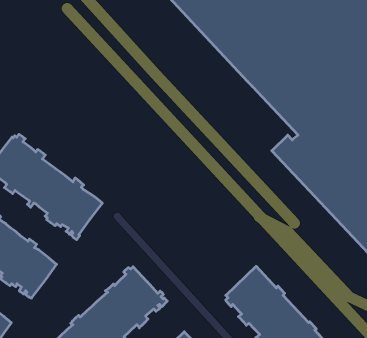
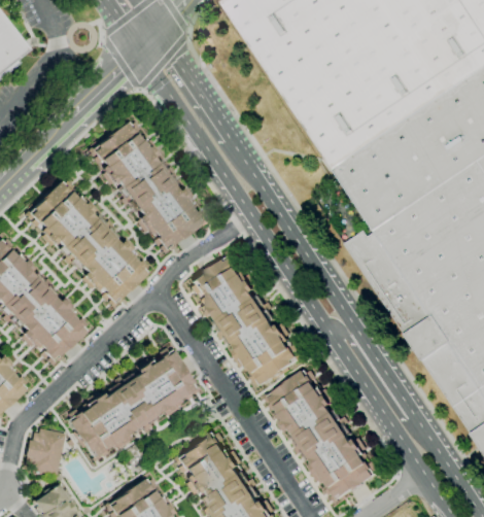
building: none -> [88,124,202,252]
building: none -> [189,255,303,392]

